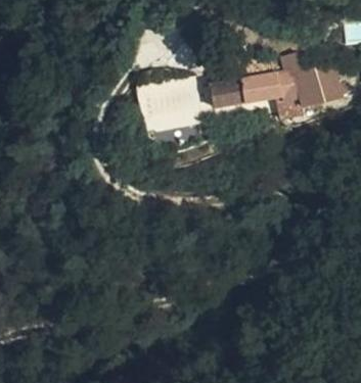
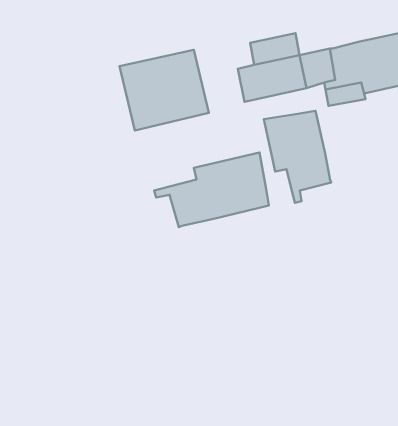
building: none -> [264,111,331,203]
building: none -> [154,153,269,227]

